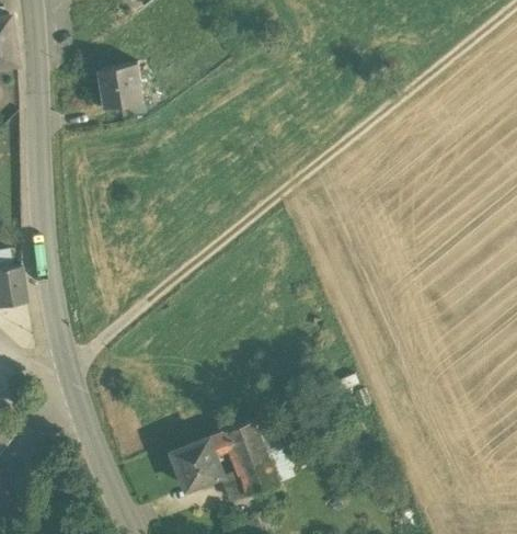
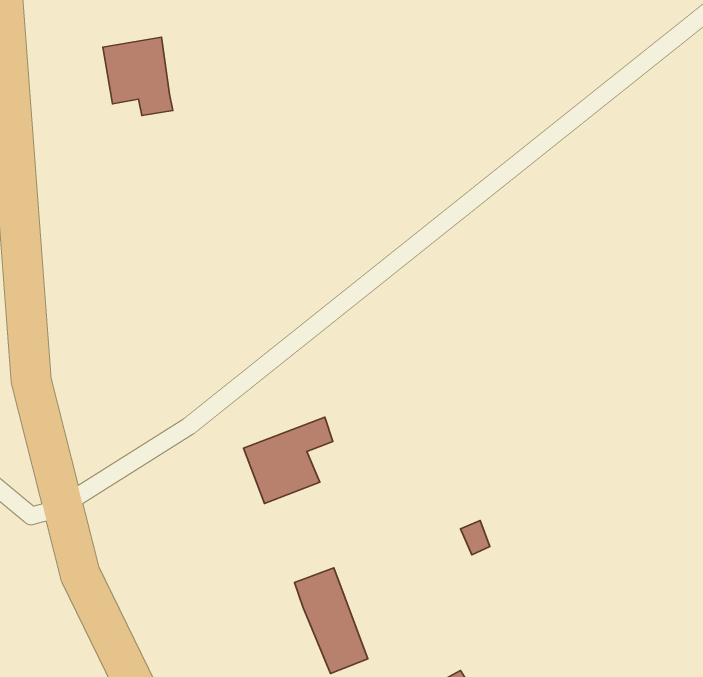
building: [169,430,229,488] -> [243,417,333,503]

